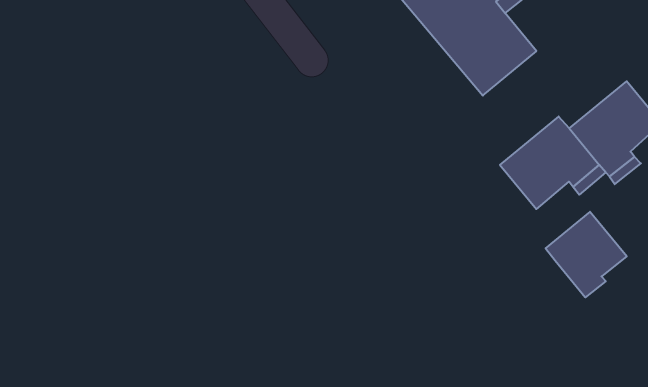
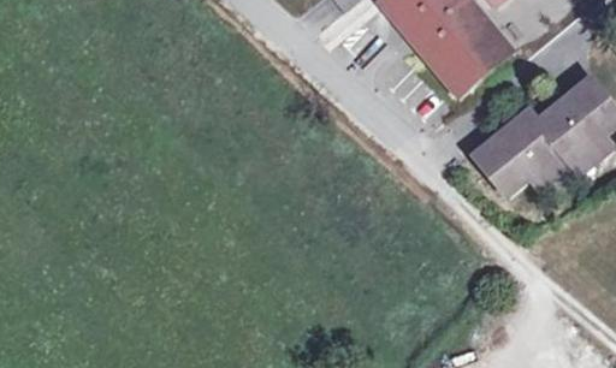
building: [546,212,627,297] -> none

